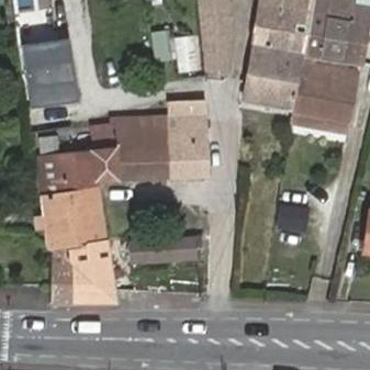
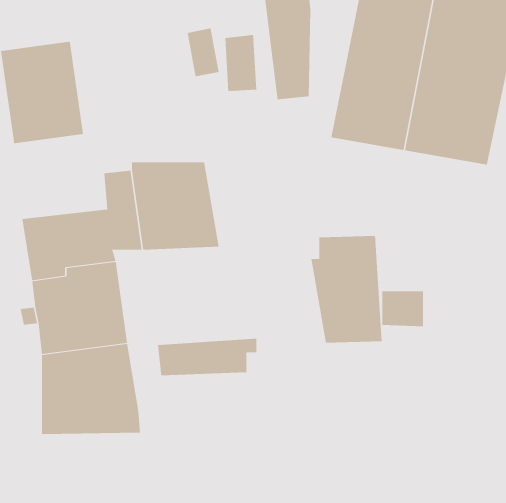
building: [159,104,208,177] -> [310,235,382,343]

